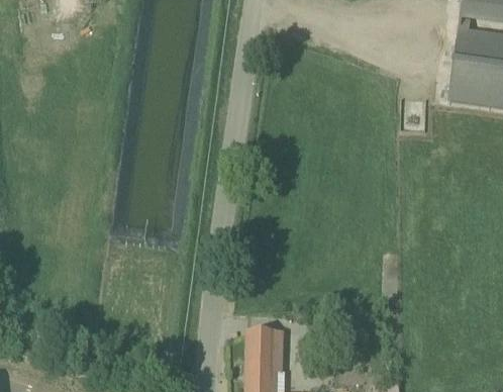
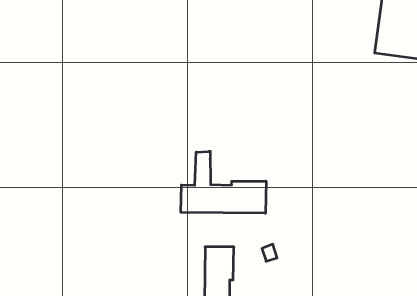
building: none -> [181,151,266,213]

